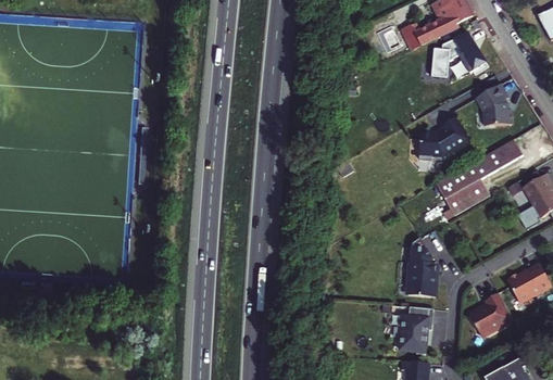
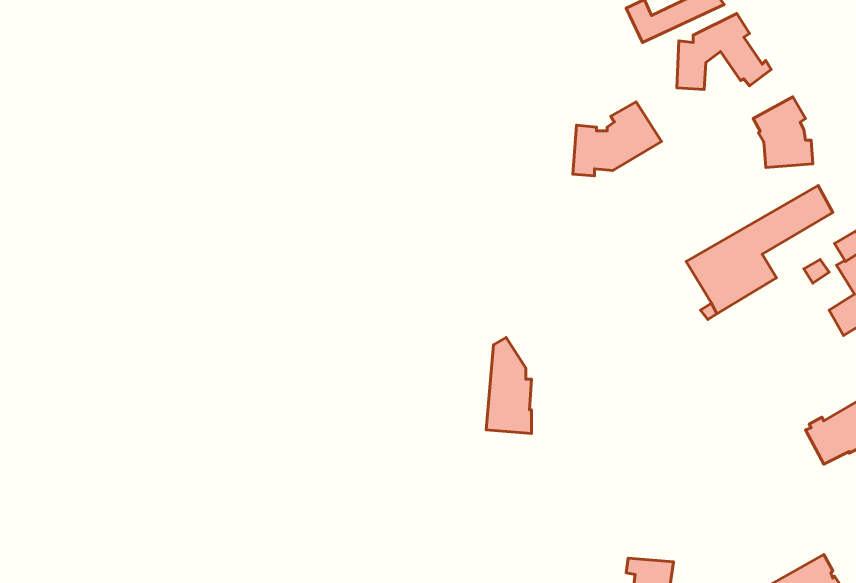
building: [418,115,472,160] -> [573,102,662,176]
building: [407,238,435,295] -> [486,337,531,433]
building: [469,292,513,335] -> none
building: [398,306,432,353] -> none

